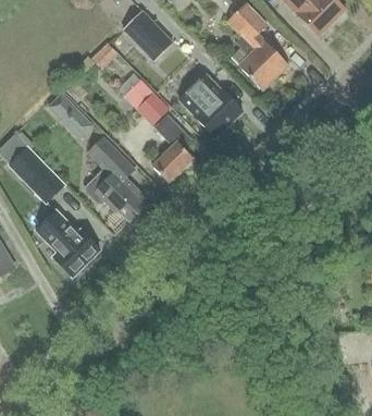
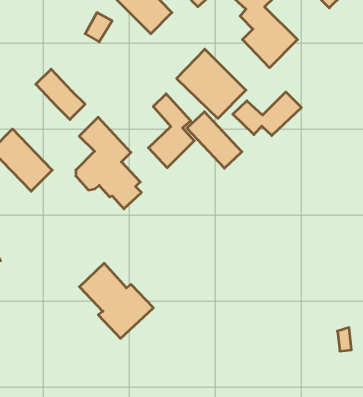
building: [119,71,170,123] -> [187,112,242,168]
building: none -> [233,92,301,136]
building: [34,208,102,278] -> [79,263,153,338]

